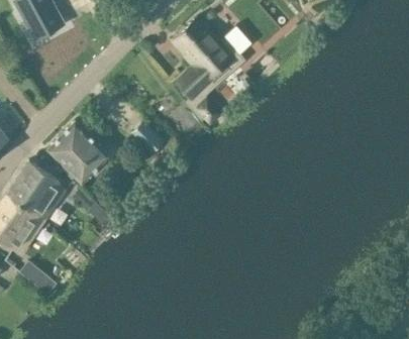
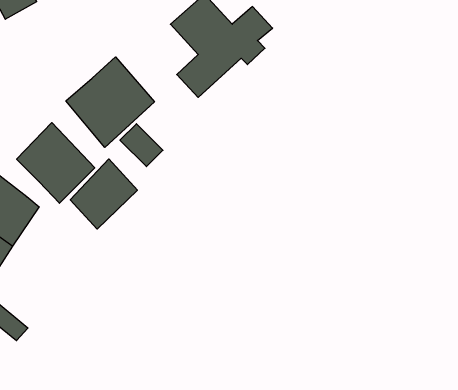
building: none -> [66,57,154,147]
building: none -> [70,159,137,229]

